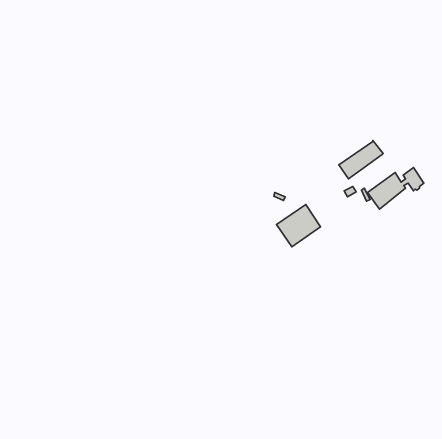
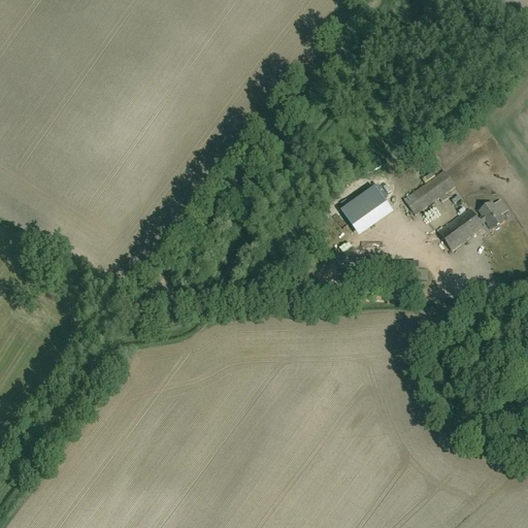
building: [276,204,321,247] -> [342,186,395,236]

